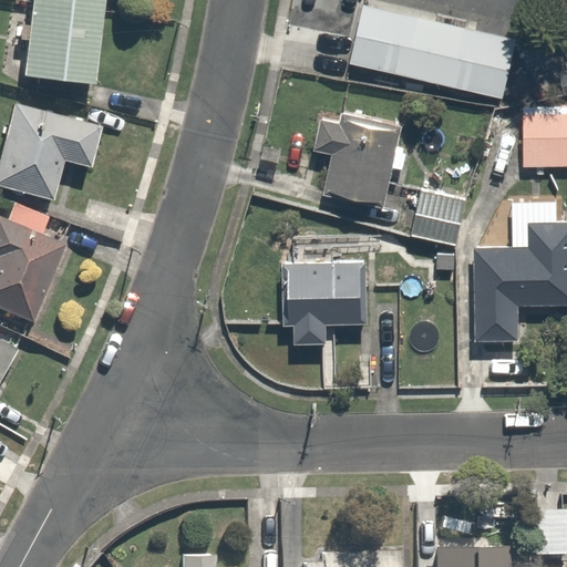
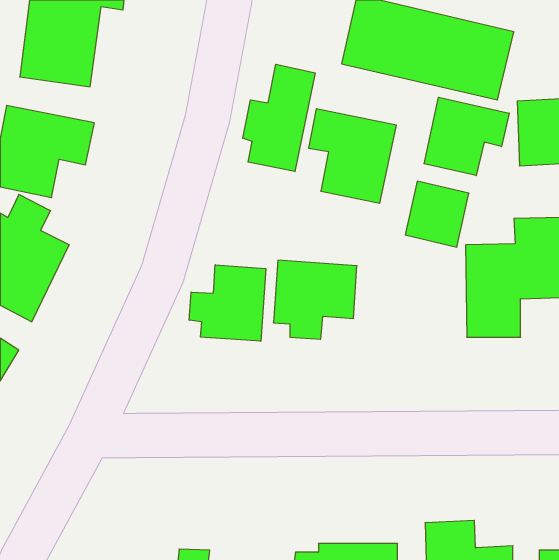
building: none -> [243,64,315,172]
building: none -> [424,97,509,176]
building: none -> [189,265,266,341]

